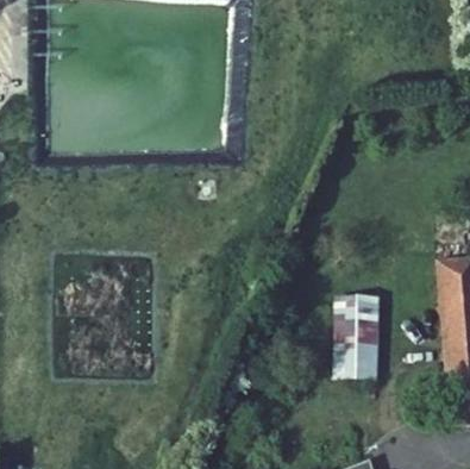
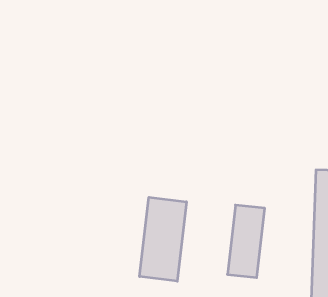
building: none -> [140,197,186,281]

